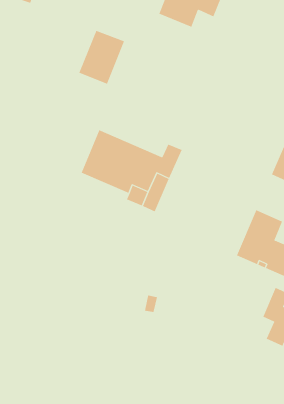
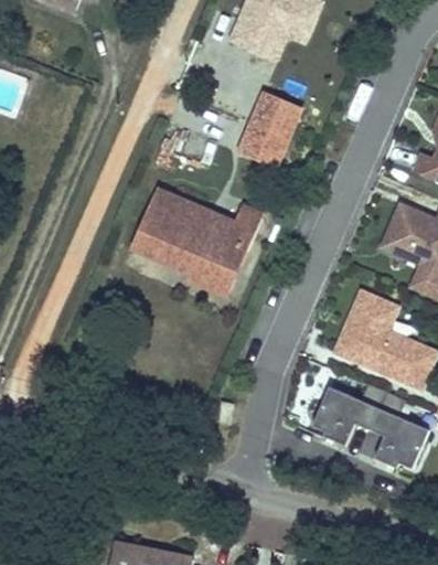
building: [79,30,125,85] -> [243,96,302,167]
building: none -> [310,382,385,446]

